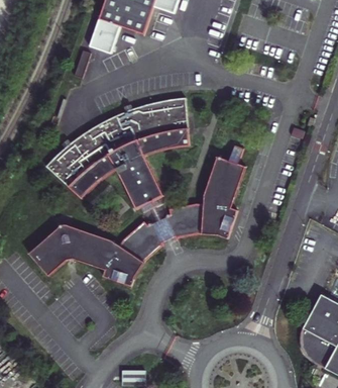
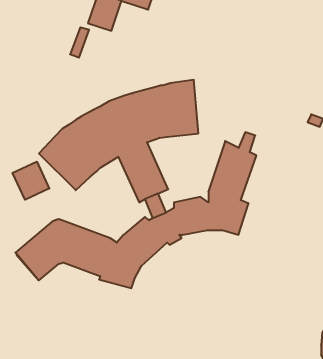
building: none -> [13,162,49,200]

